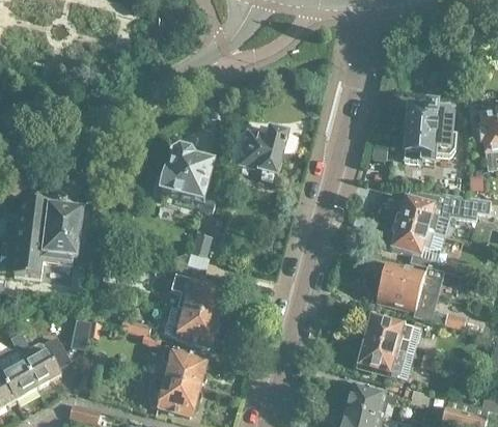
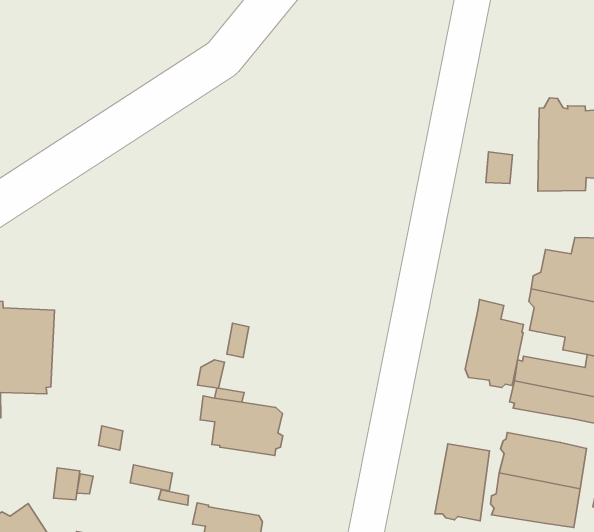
building: [230,125,298,176] -> none
building: [158,147,214,203] -> none
building: none -> [465,299,524,388]
building: [163,306,219,346] -> none
building: none -> [435,444,489,521]

